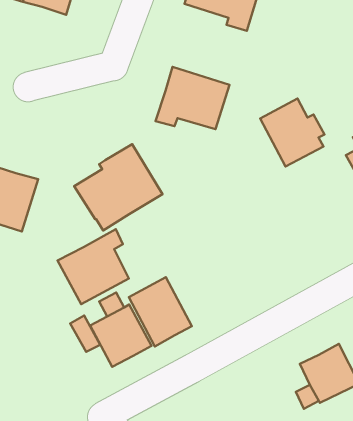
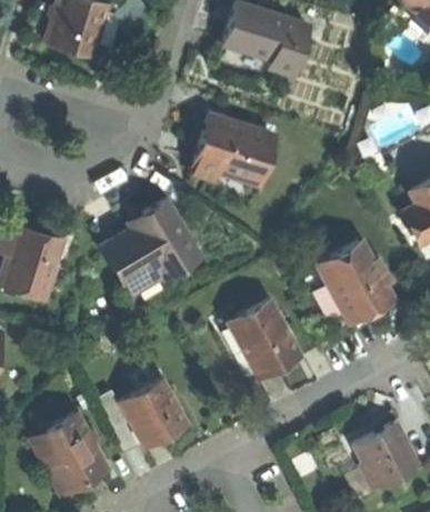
building: [260,98,325,167] -> [320,243,391,319]
building: [58,229,129,304] -> none
building: [129,277,192,346] -> [229,301,299,378]
building: none -> [32,414,107,492]

